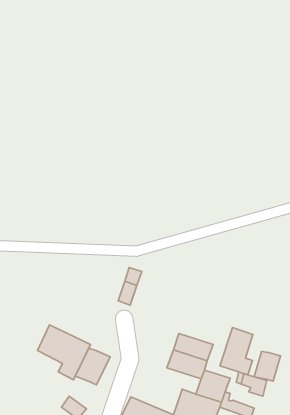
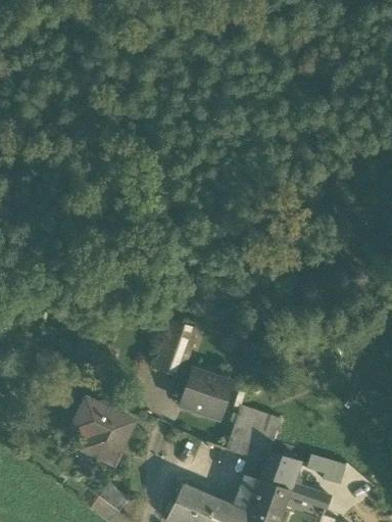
building: none -> [181,371,232,419]
building: [220,327,253,375] -> none
building: [75,348,110,385] -> none
building: [254,351,281,381] -> none

